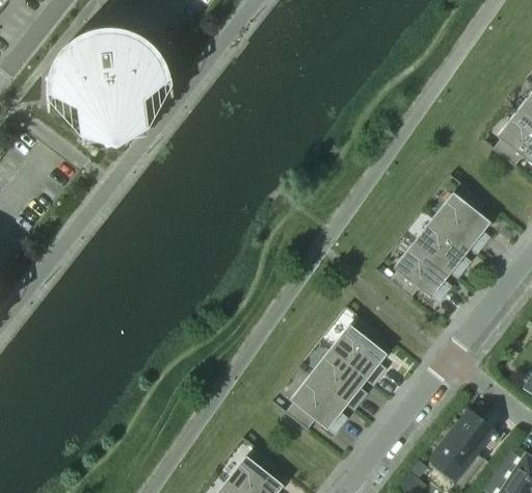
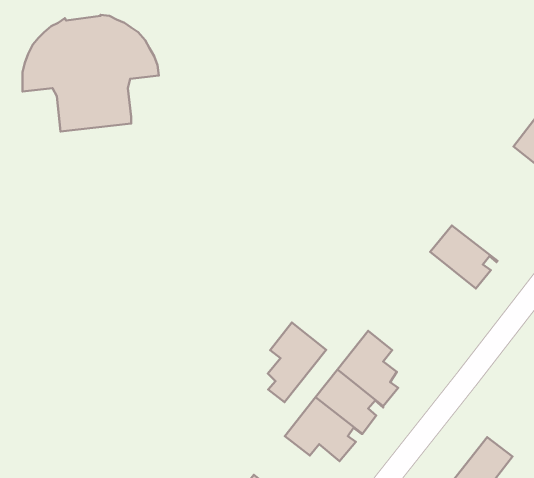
building: [434,184,488,252] -> none
building: [387,243,456,302] -> none
building: none -> [268,323,326,402]

